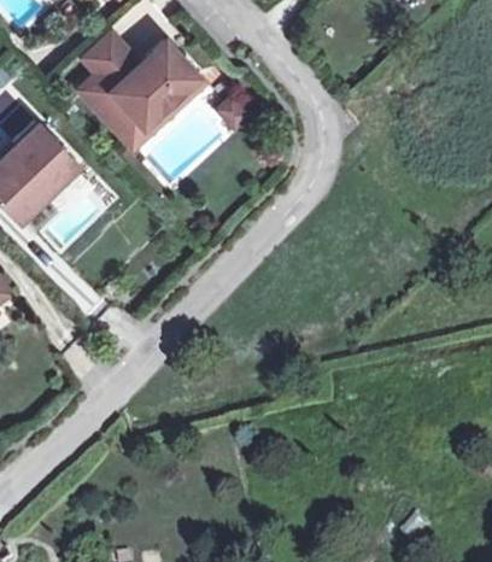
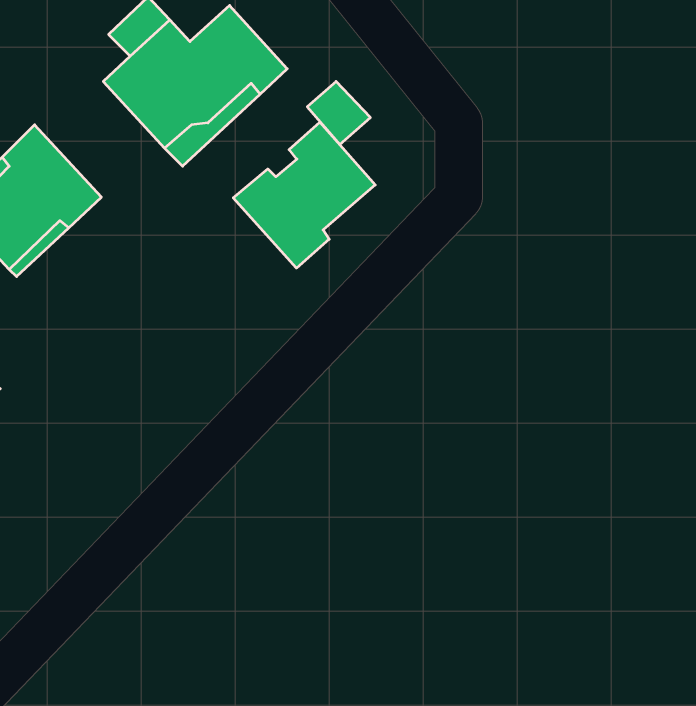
building: none -> [233,122,375,268]

